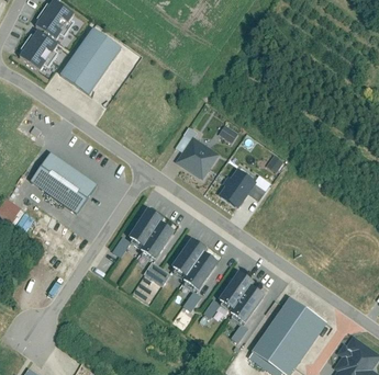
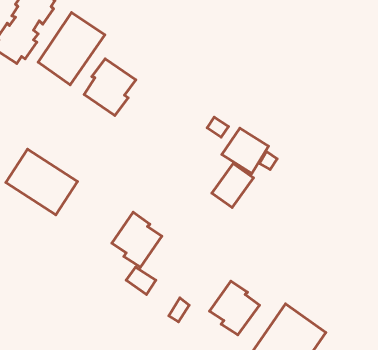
building: none -> [84,59,136,116]
building: [176,137,219,179] -> [222,128,268,174]
building: [172,241,218,292] -> none

